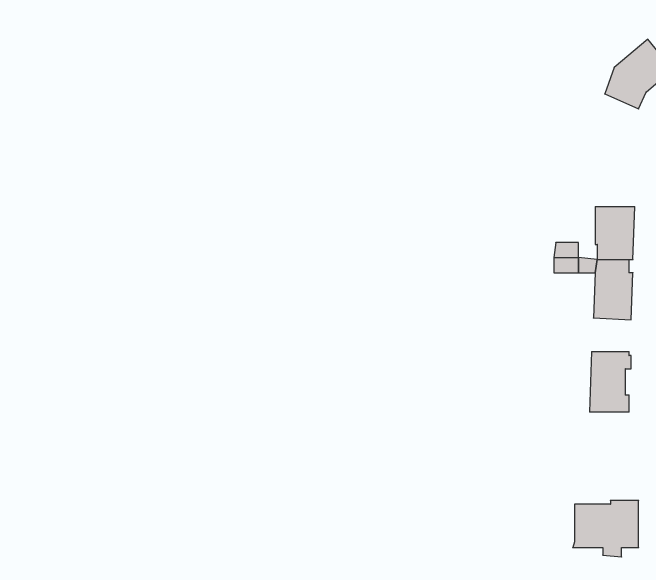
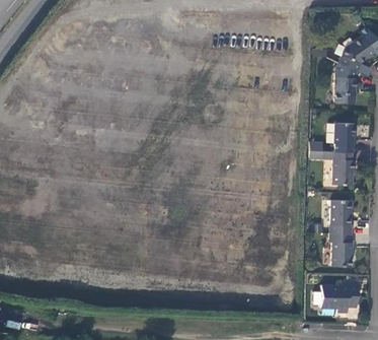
building: none -> [335,62,357,101]
building: none -> [330,233,353,266]

